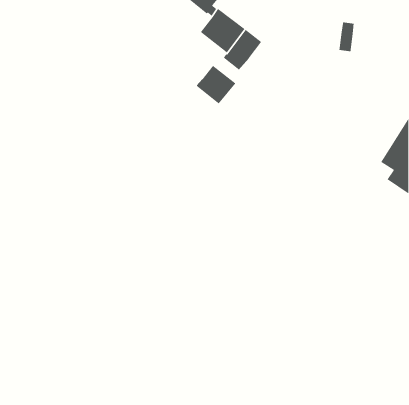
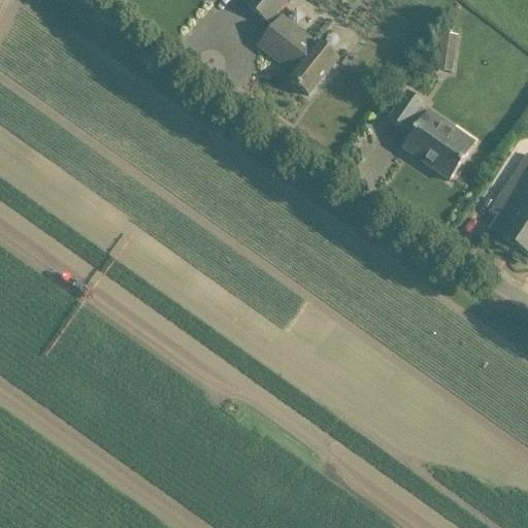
building: [196,65,237,105] -> none
building: none -> [388,88,473,176]

